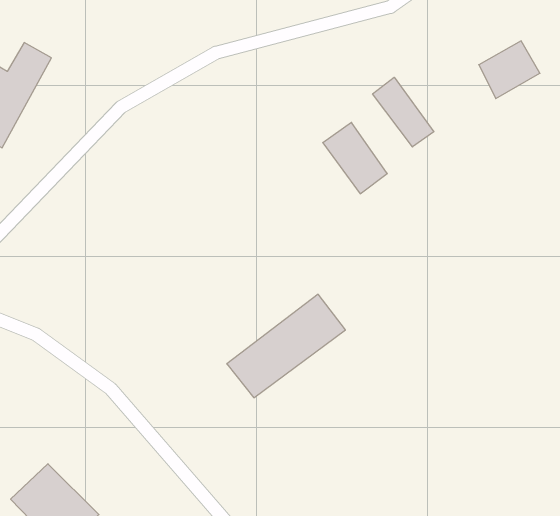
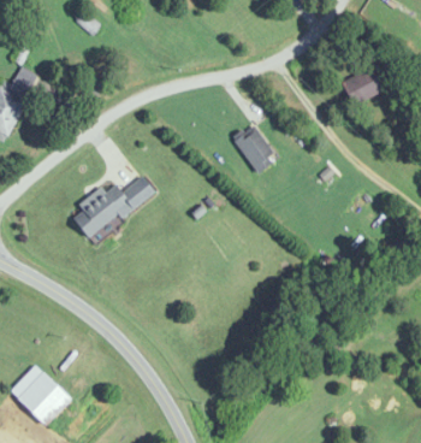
building: [373,77,434,147] -> none
building: [227,294,345,398] -> [71,167,155,241]

